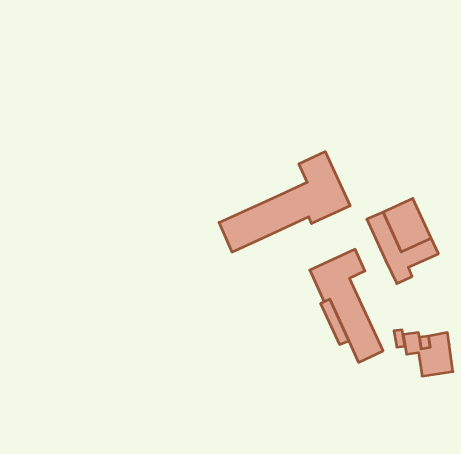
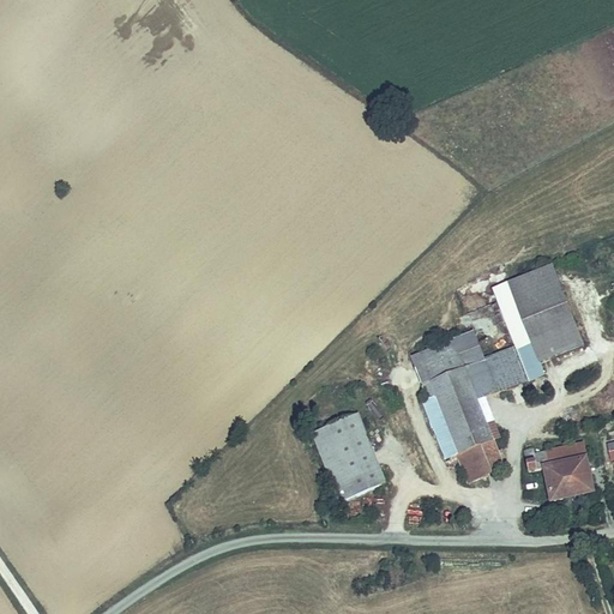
building: [219,152,350,252] -> none
building: none -> [463,345,525,397]
building: none -> [314,421,386,506]

